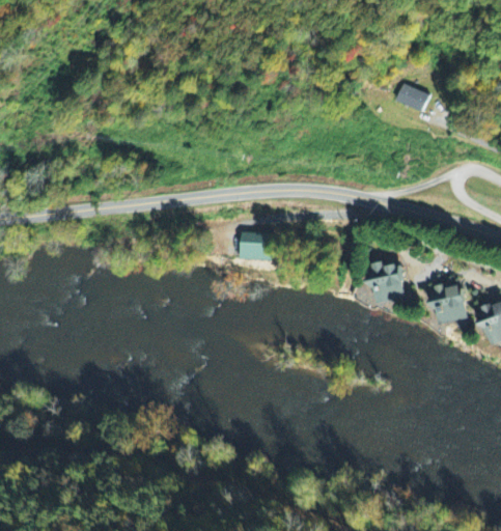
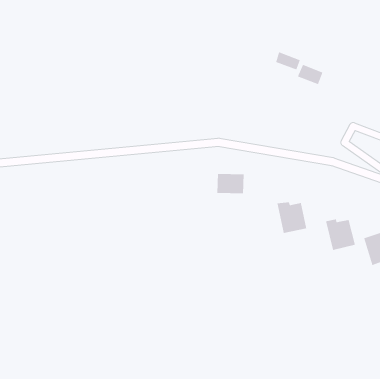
building: none -> [275,51,301,71]
building: [240,232,276,259] -> [216,173,245,194]

